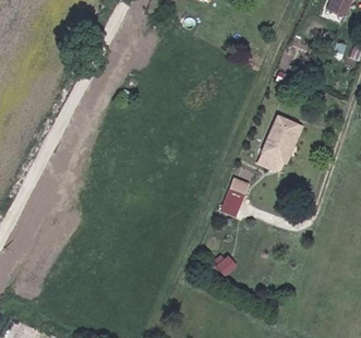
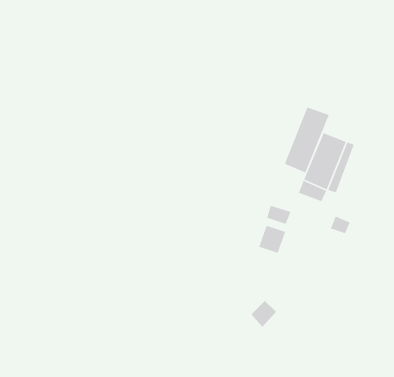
building: none -> [284,106,330,174]

